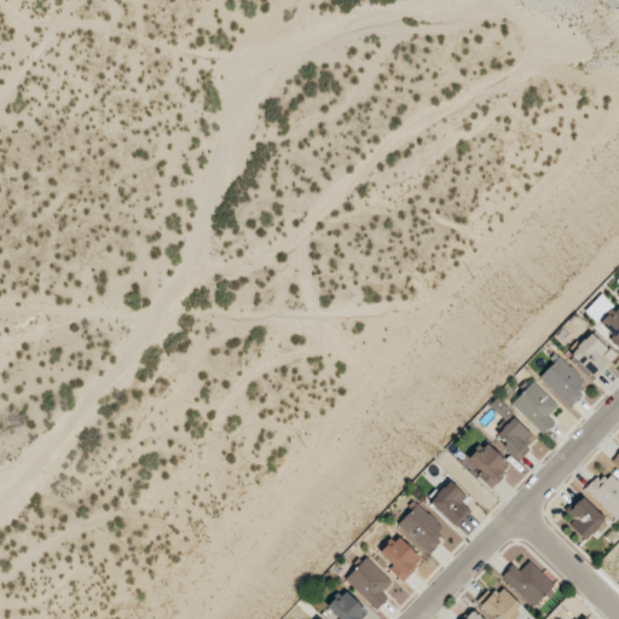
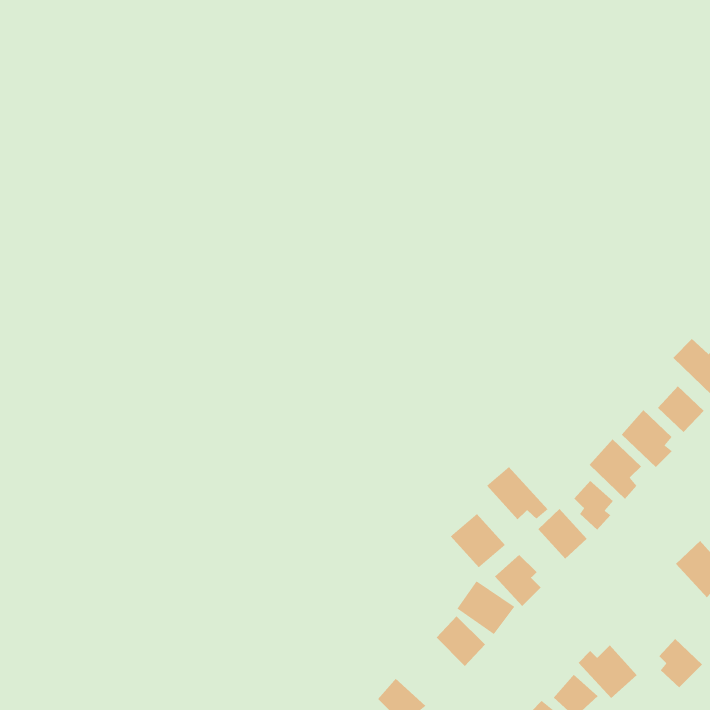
building: none -> [486,466,548,520]
building: none -> [450,513,506,568]
building: [568,498,607,542] -> [658,638,703,688]
building: [346,559,393,611] -> none

